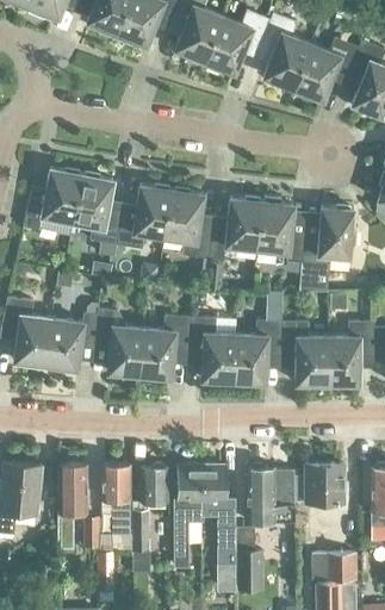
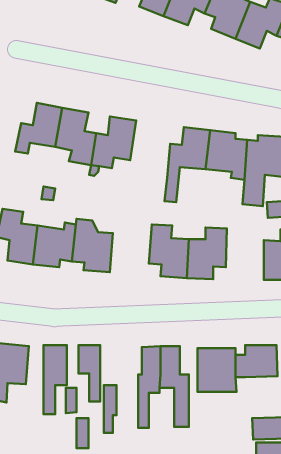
building: [164,189,213,260] -> none
building: [139,316,191,379] -> none
building: [281,322,328,385] -> none
building: [142,467,168,502] -> none
building: [236,528,261,589] -> none

